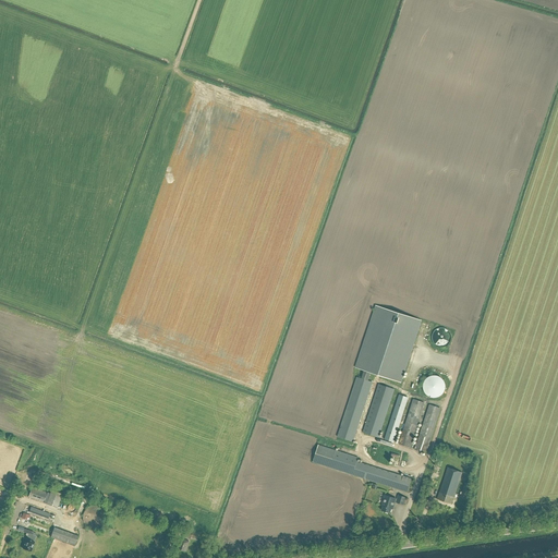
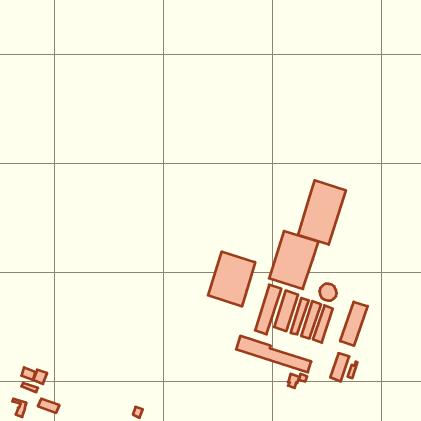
building: none -> [298,180,346,245]
building: none -> [208,252,255,306]
building: none -> [340,302,368,346]

